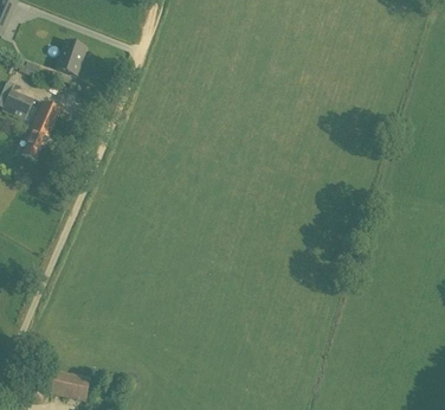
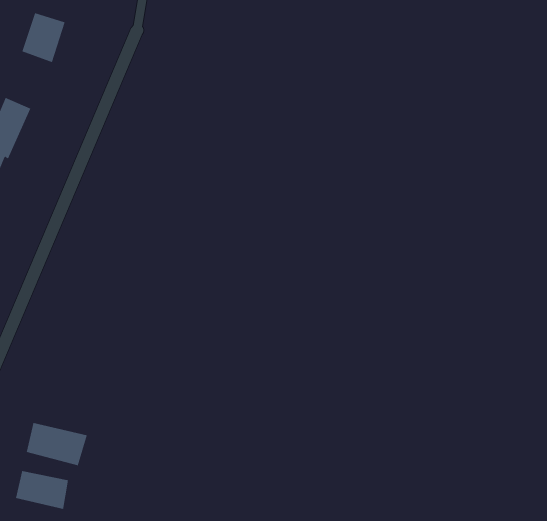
building: none -> [26,422,88,466]

